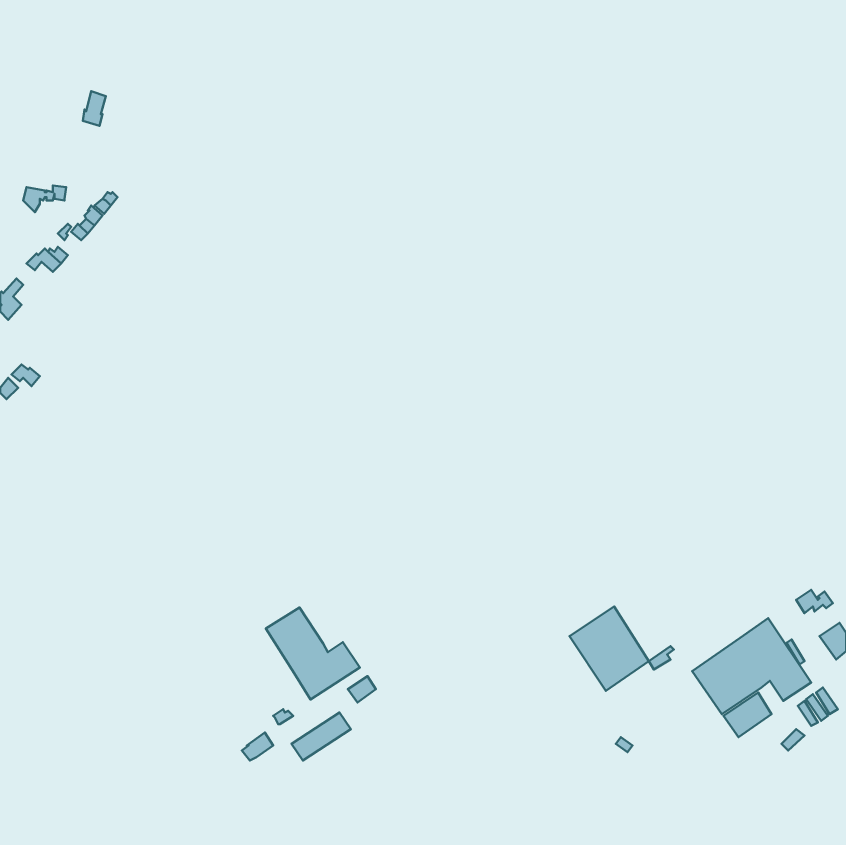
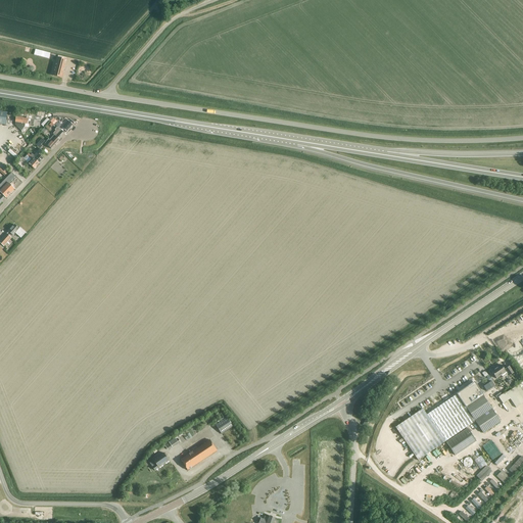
building: [570,606,649,691] -> [395,408,444,460]
building: [266,607,360,699] -> none

